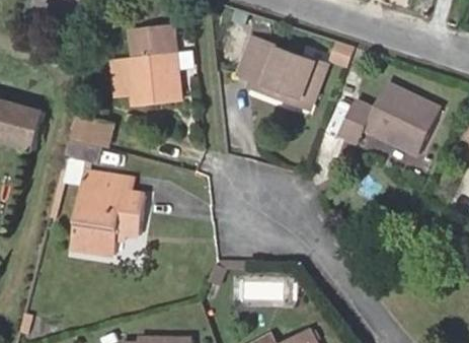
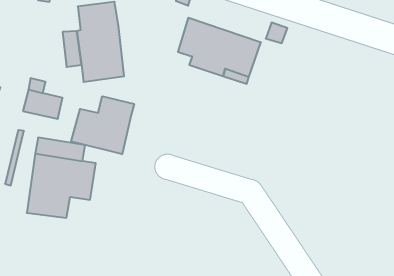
building: [339,81,440,152] -> none
building: none -> [71,96,134,154]

